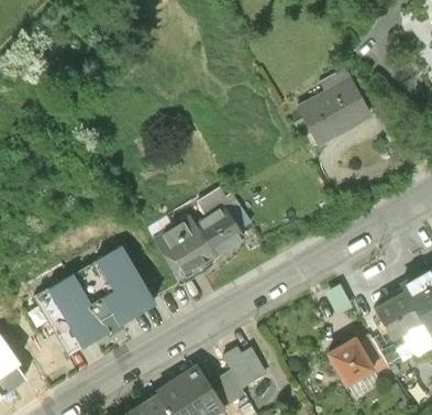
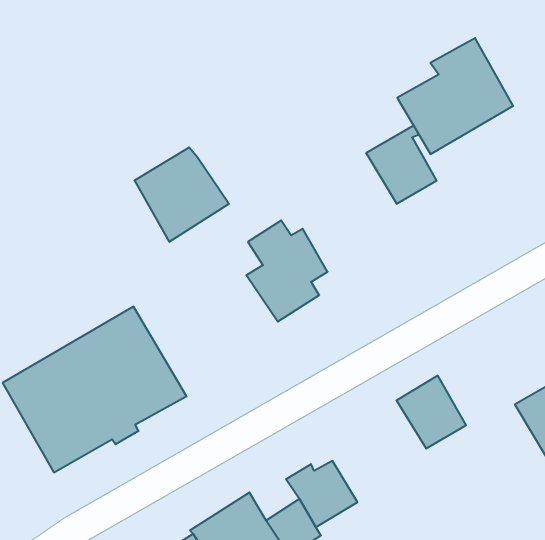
building: none -> [366,126,437,204]
building: [154,218,217,281] -> [134,147,229,242]
building: [328,338,374,386] -> [396,376,466,449]

